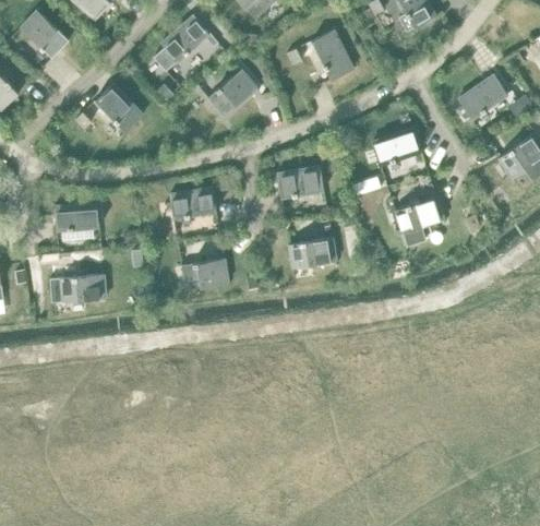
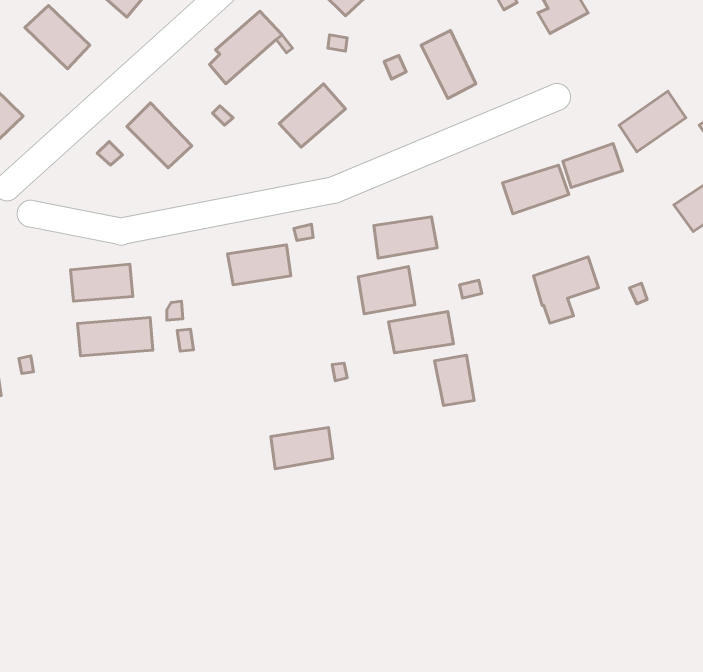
building: none -> [563,143,622,187]
building: none -> [358,266,415,314]
building: [181,259,227,289] -> [271,428,333,469]
building: none -> [435,355,474,406]
building: [49,274,105,302] -> [78,318,153,356]

